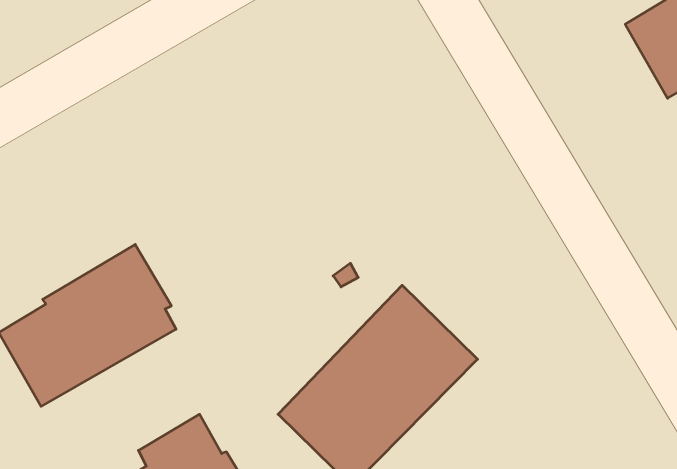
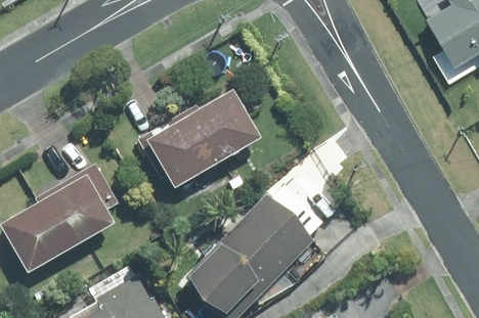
building: none -> [137,87,266,185]

